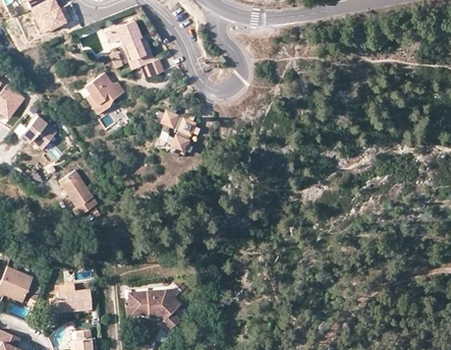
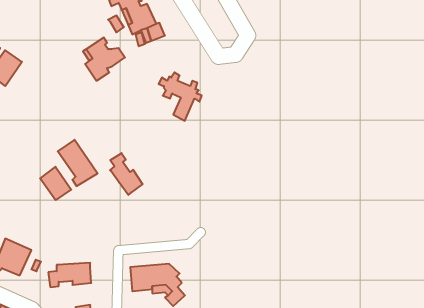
building: [20,117,58,151] -> none
building: none -> [110,153,143,195]
building: none -> [40,167,71,200]

